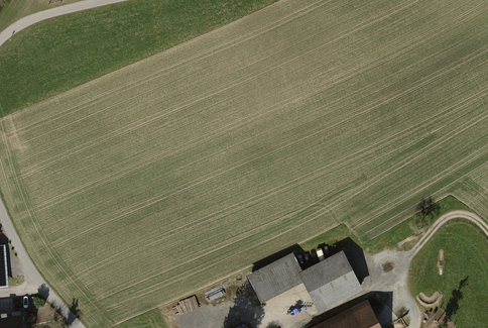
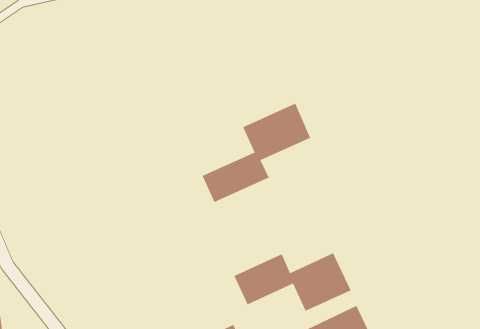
building: none -> [202,103,311,203]

